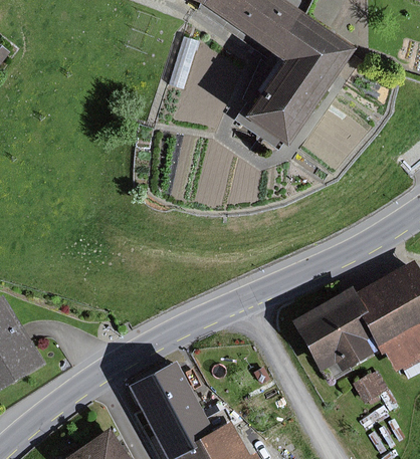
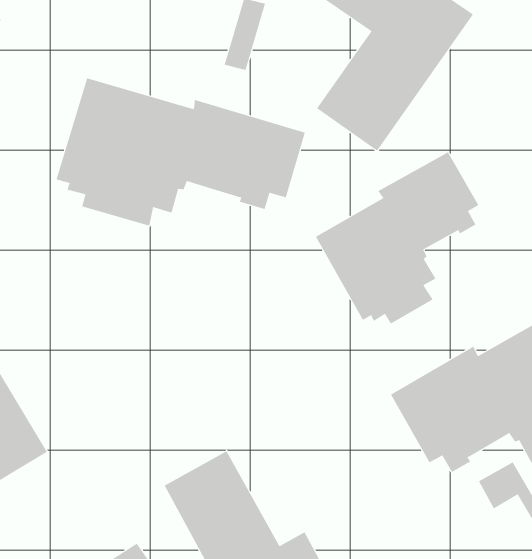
building: none -> [56,77,306,227]
building: none -> [315,151,479,325]

